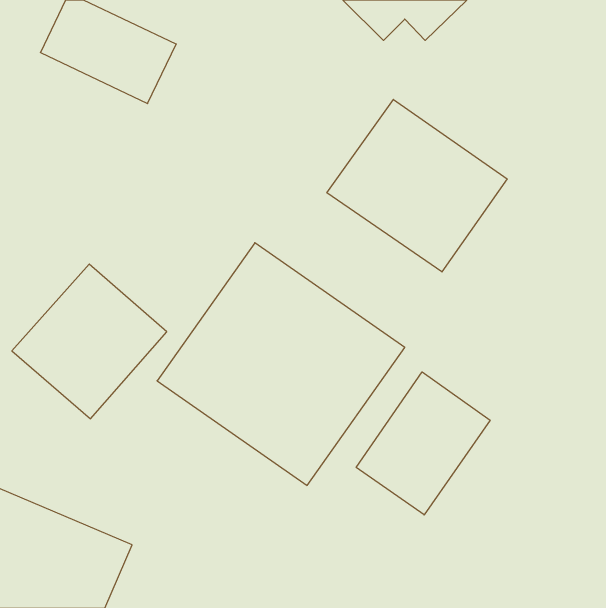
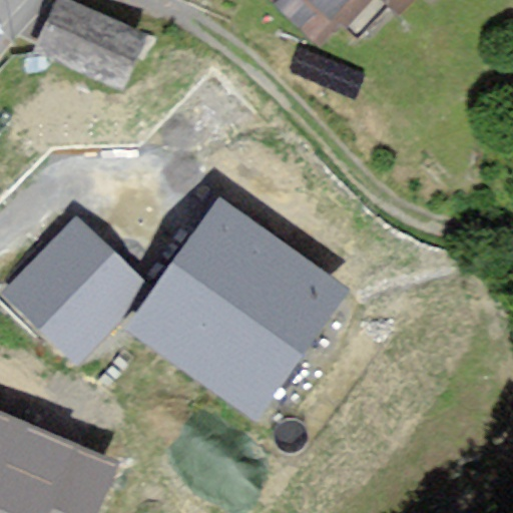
building: [327,99,507,272] -> none
building: [356,372,490,515] -> none

